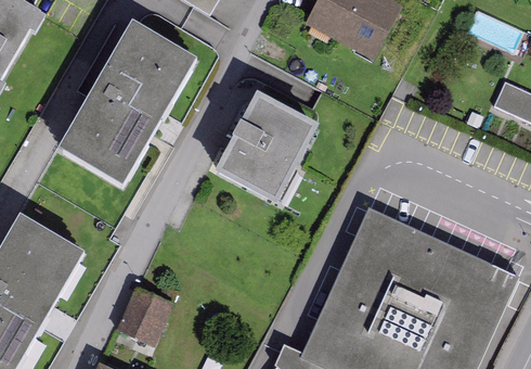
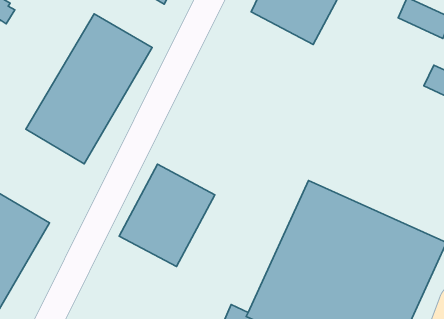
building: [213,91,319,204] -> [119,164,215,267]
building: [116,283,173,343] -> none

